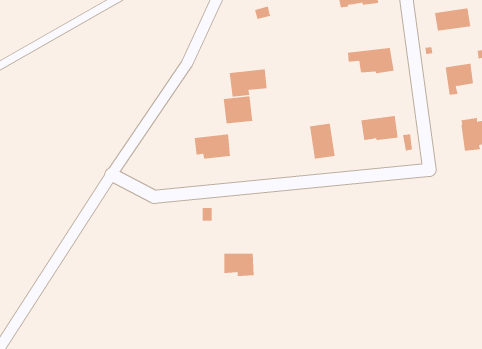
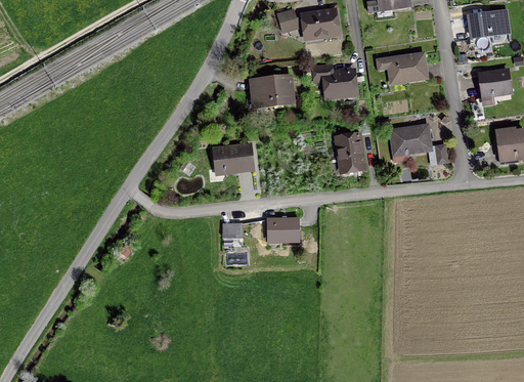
building: none -> [303,11,338,37]
building: none -> [314,66,355,97]
building: [223,96,253,124] -> none
building: [223,253,254,276] -> [267,218,300,243]

